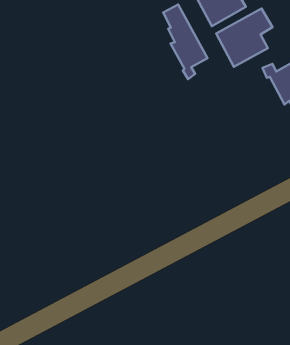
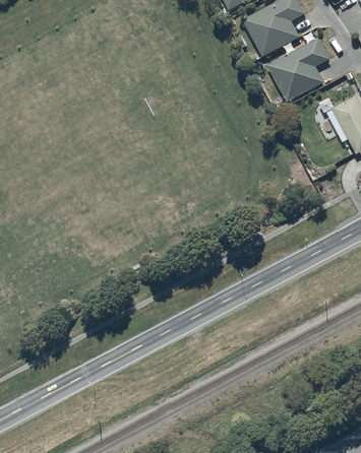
building: [163,5,208,79] -> none

